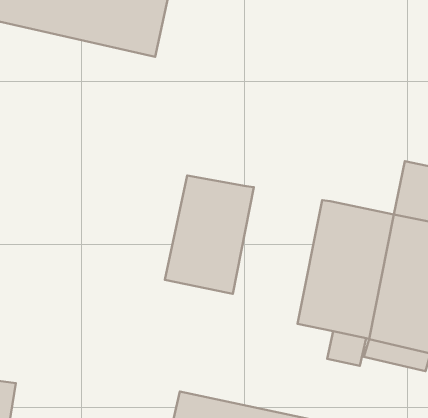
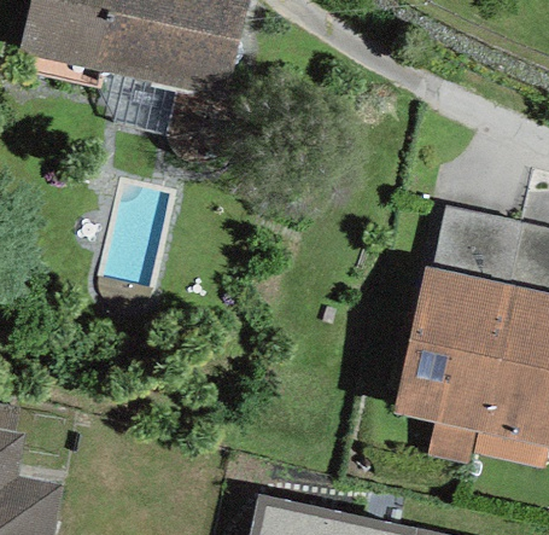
building: none -> [432,207,520,285]
building: [165,176,254,294] -> none

